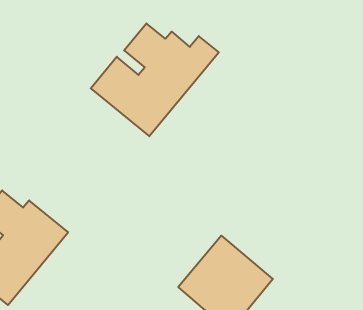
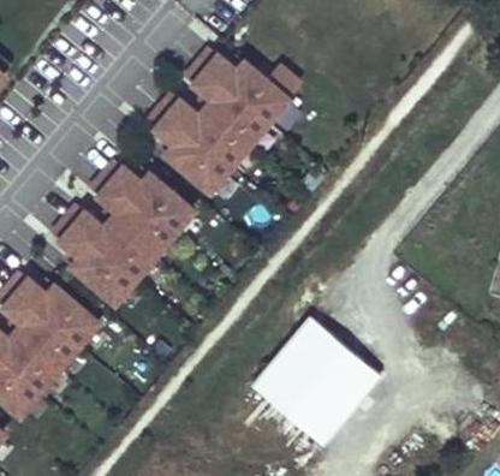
building: none -> [48,145,200,310]

